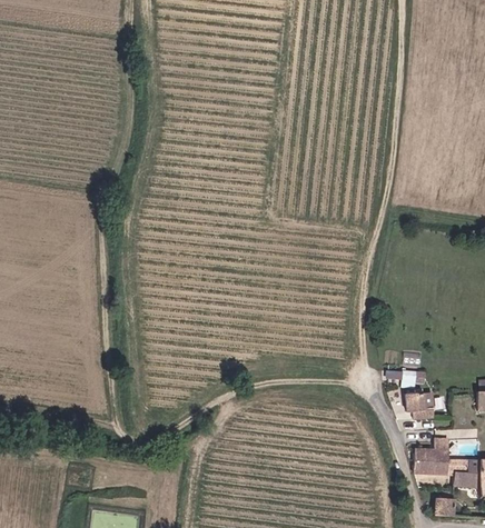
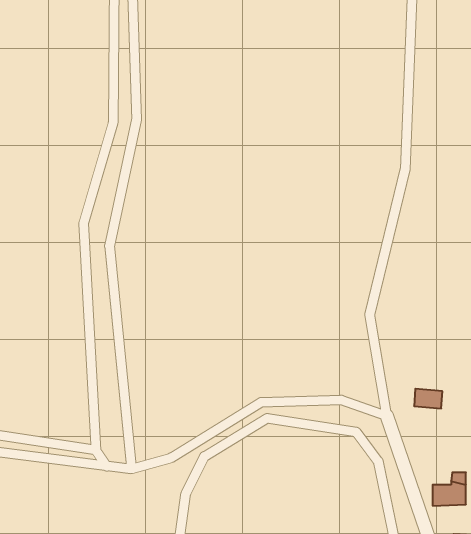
building: [406,393,433,421] -> none

